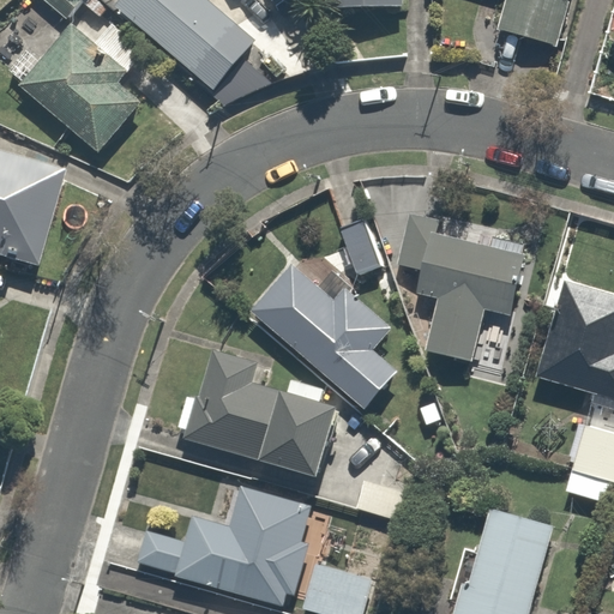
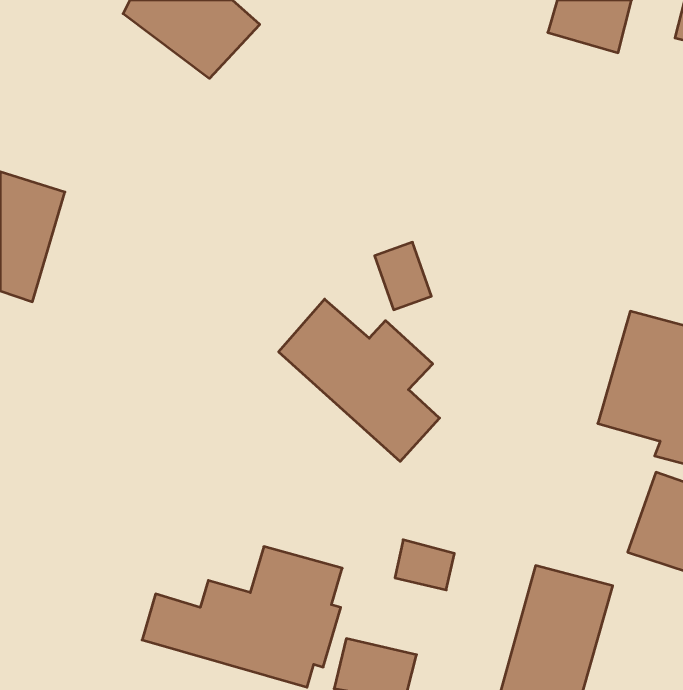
building: [19,22,148,152] -> none
building: [398,212,518,359] -> none
building: [176,345,336,477] -> none

